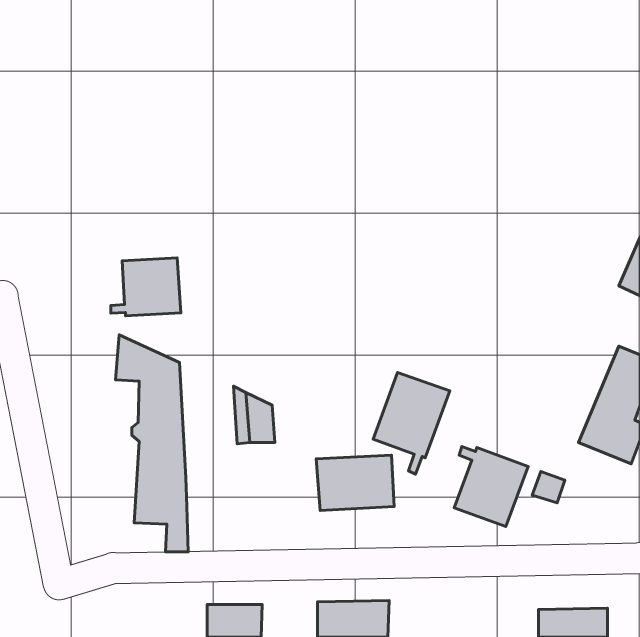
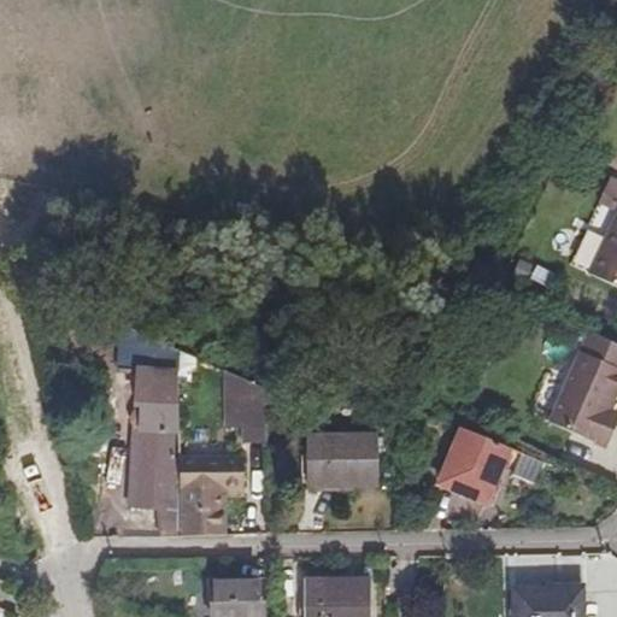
building: [111,258,181,316] -> none
building: [373,372,450,474] -> none
building: none -> [178,459,240,529]

